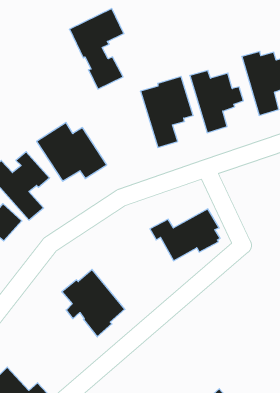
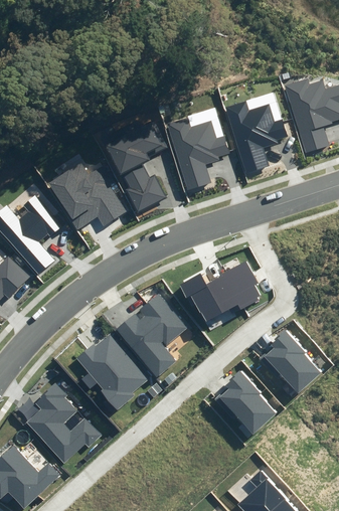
building: [69,9,124,89] -> [104,119,167,212]
building: none -> [116,293,187,377]
building: none -> [260,329,320,392]
building: none -> [213,370,275,434]
building: none -> [26,383,102,464]

